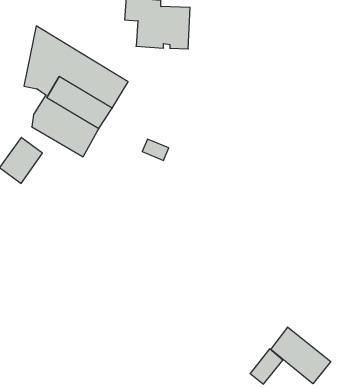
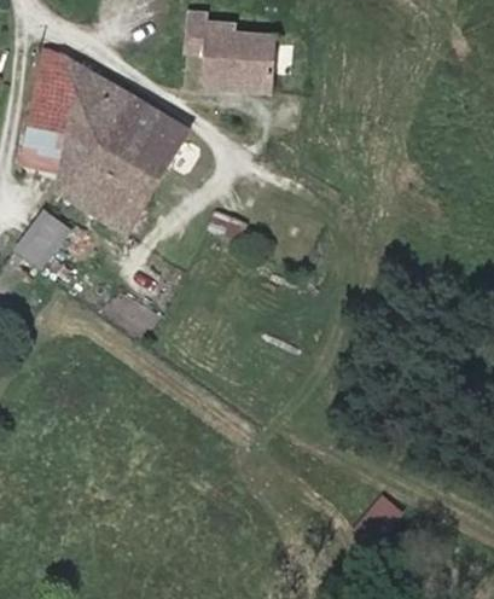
building: none -> [21,46,77,175]
building: [271,327,331,384] -> none

